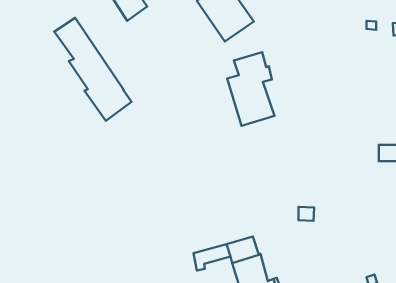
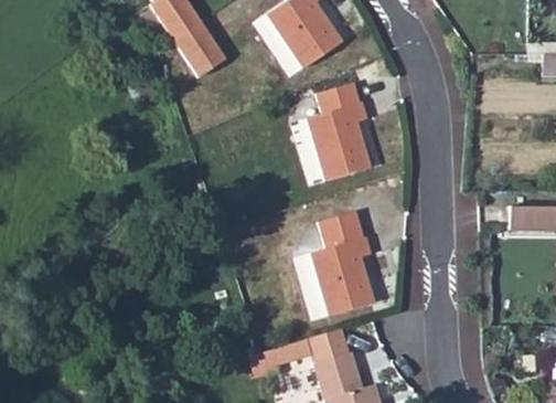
building: none -> [174,22,226,77]
building: [54,18,131,121] -> none
building: none -> [311,211,374,316]

